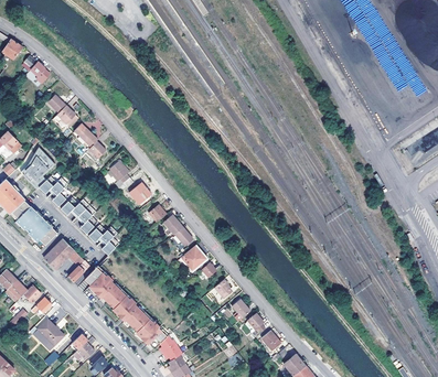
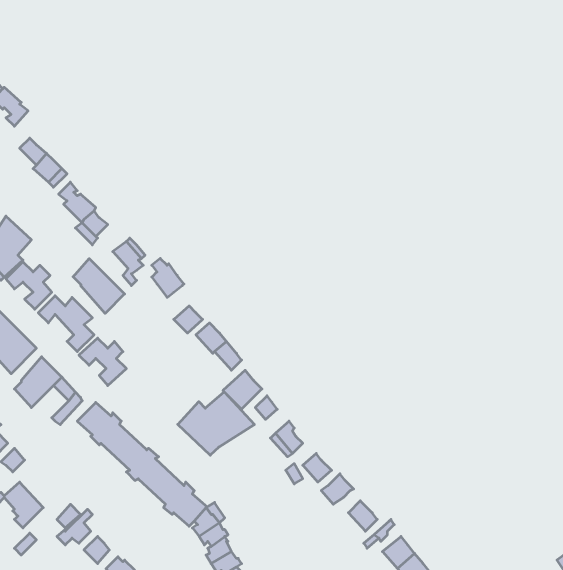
building: none -> [73,259,125,313]
building: none -> [178,392,254,455]

